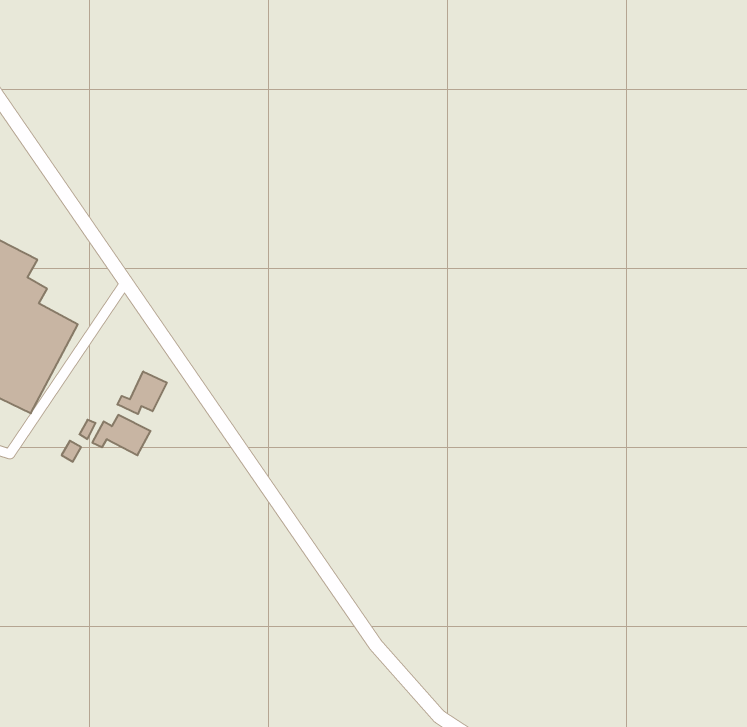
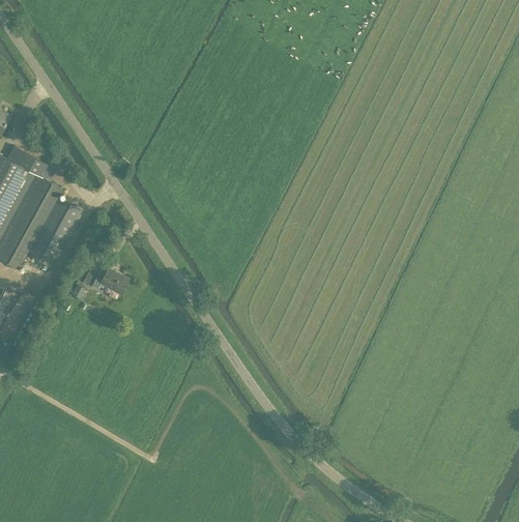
building: [117,371,167,414] -> none

